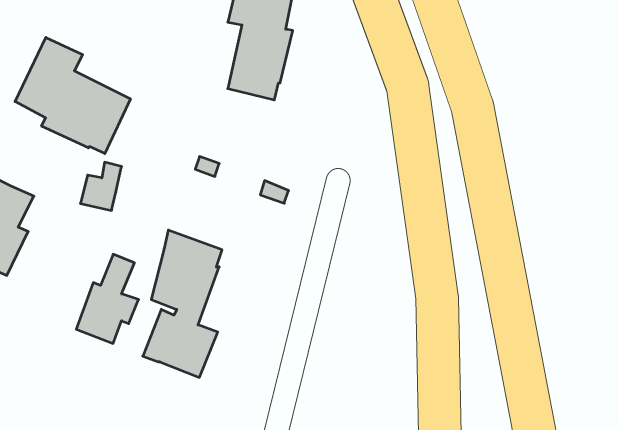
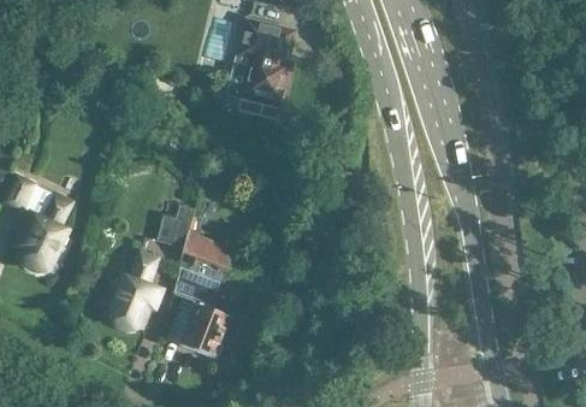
building: [15,37,130,154] -> none
building: [80,162,122,210] -> [155,206,190,247]

